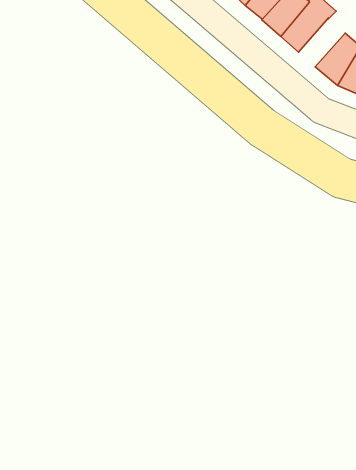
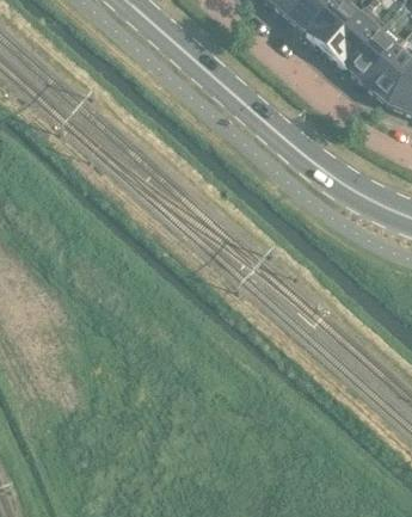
building: none -> [344,26,394,79]

